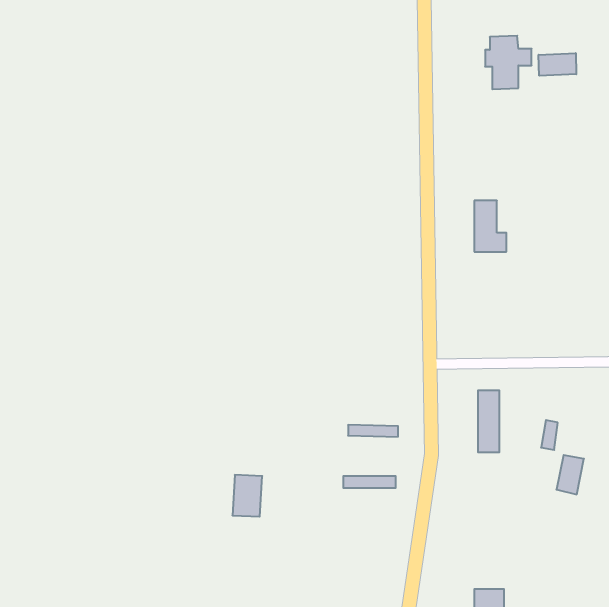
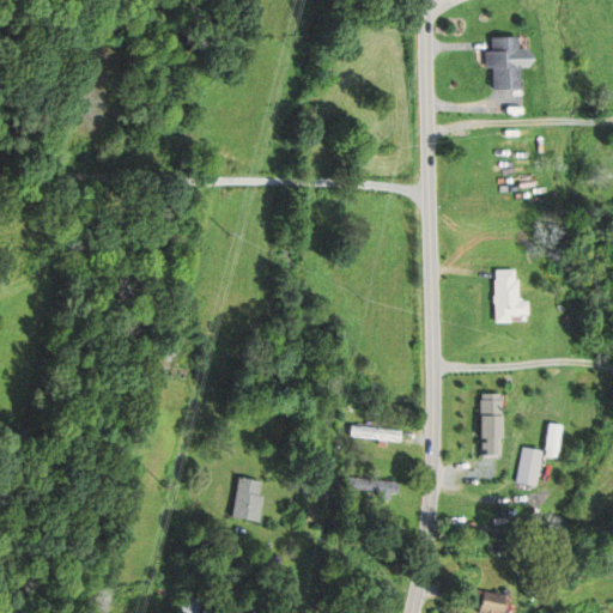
building: [539,53,576,76] -> none
building: [474,201,506,252] -> [497,271,529,322]
building: [556,455,584,494] -> [514,448,541,487]

